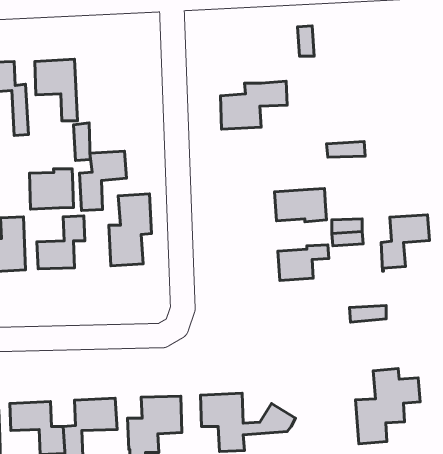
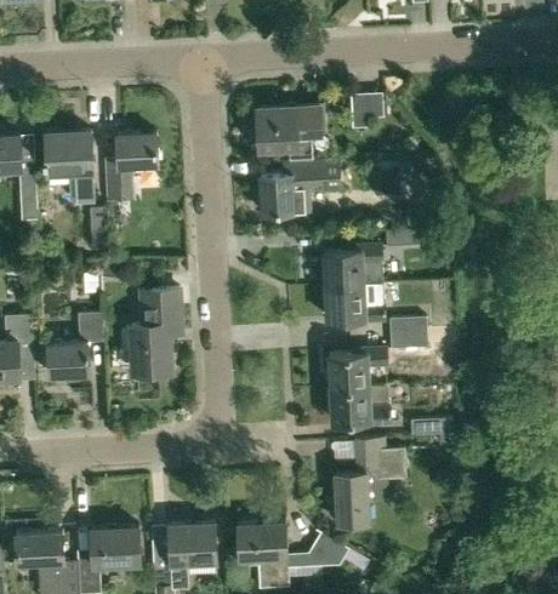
building: none -> [251,105,320,160]
building: [80,151,126,211] -> [103,135,158,204]
building: none -> [320,245,381,286]
building: [29,169,74,209] -> none
building: [381,215,429,271] -> none
building: none -> [329,385,389,424]
building: [356,369,420,444] -> [332,438,408,525]

